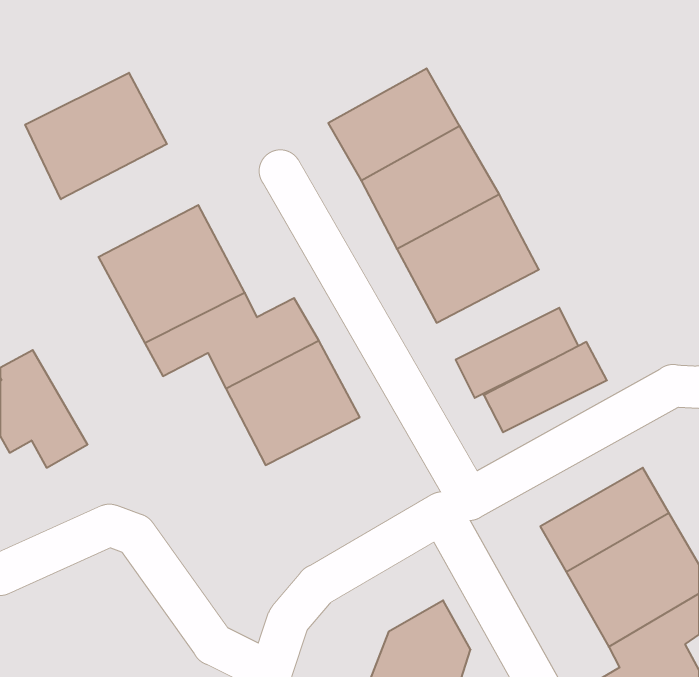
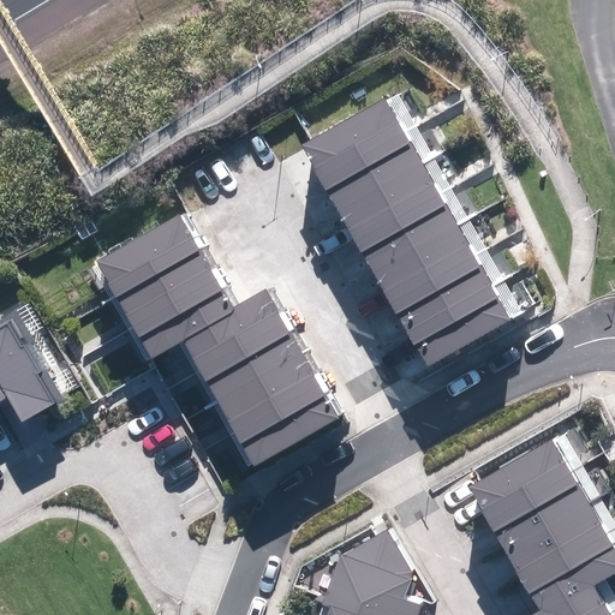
building: [25,73,167,199] -> none
building: [484,342,607,432] -> [383,256,491,335]
building: none -> [233,386,338,470]

